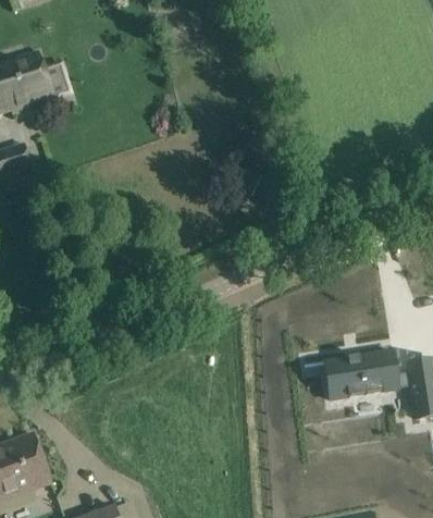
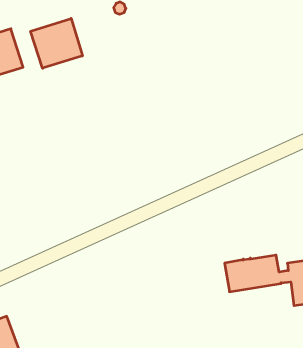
building: none -> [31,18,82,68]

